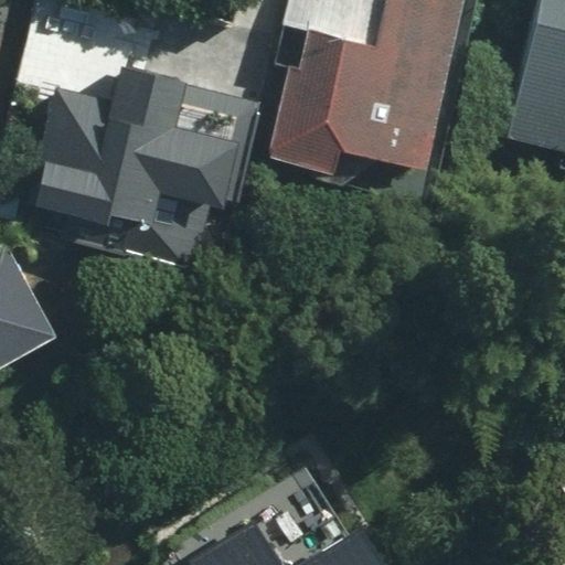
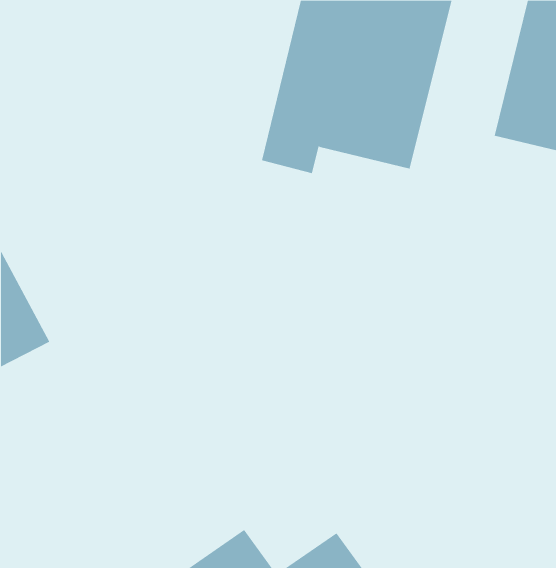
building: [35,68,231,230] -> none

